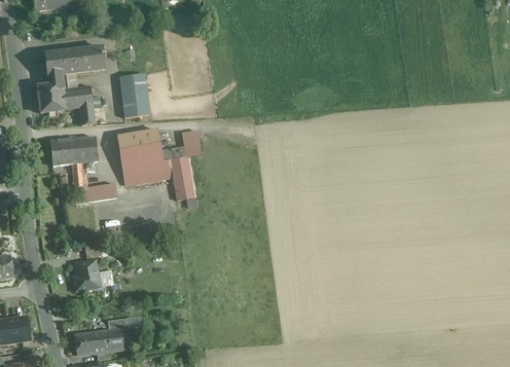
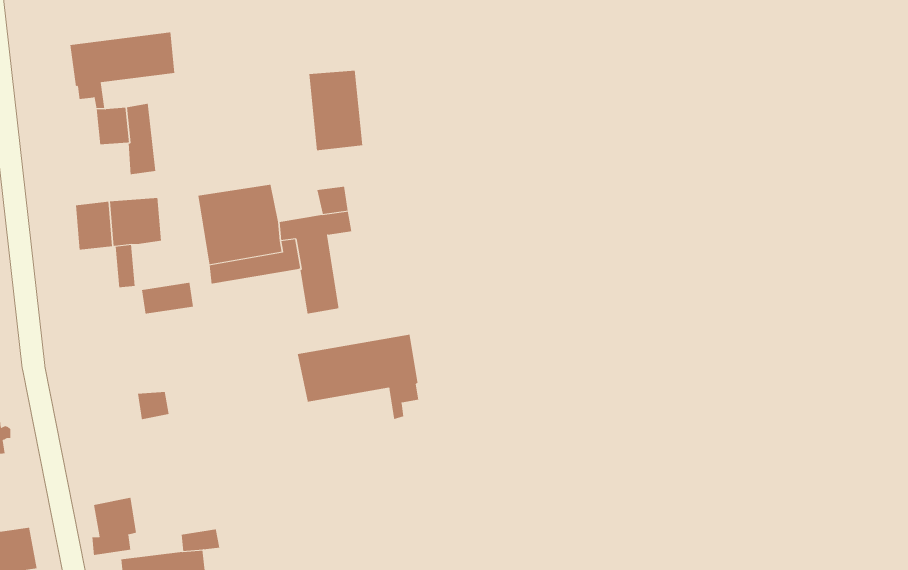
building: [119,73,149,117] -> [308,70,363,151]
building: [36,82,64,113] -> none
building: none -> [297,334,419,420]
building: [74,259,99,291] -> [91,497,137,556]

